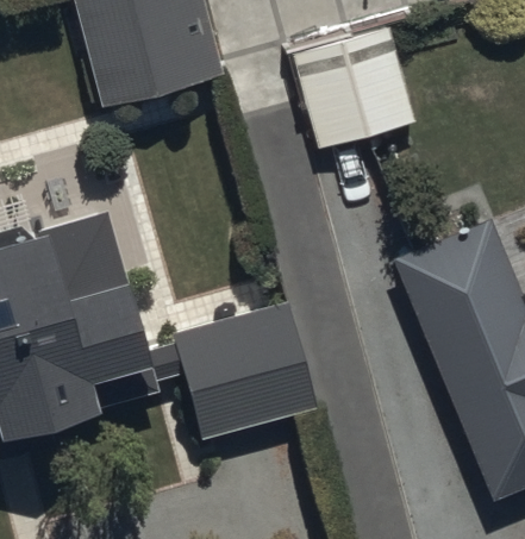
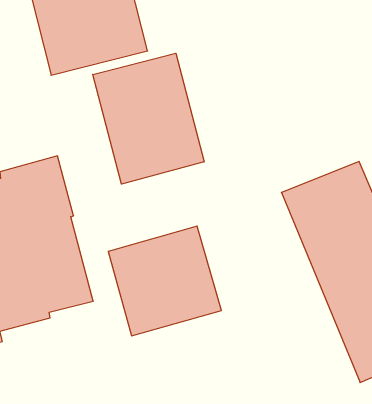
building: [295,27,415,148] -> none
building: none -> [93,53,204,184]

